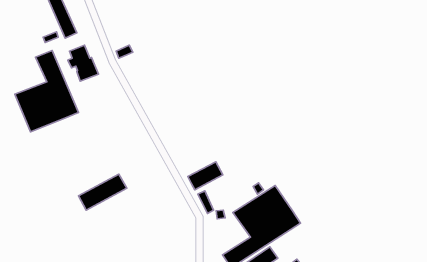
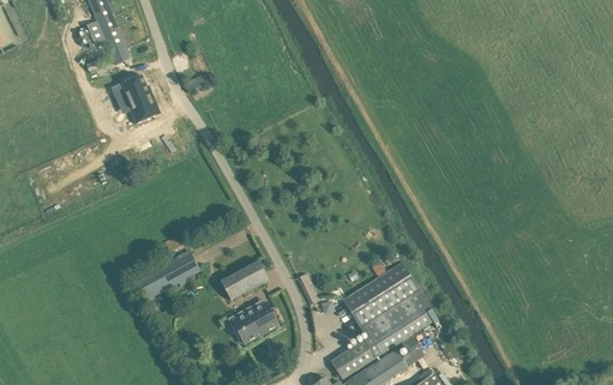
building: [15,50,78,132] -> none
building: [188,162,223,190] -> [221,260,269,299]
building: none -> [232,302,281,348]

